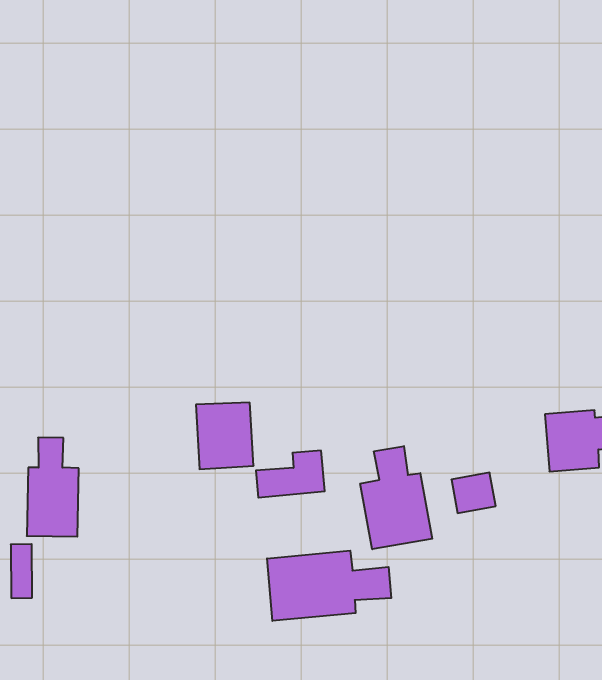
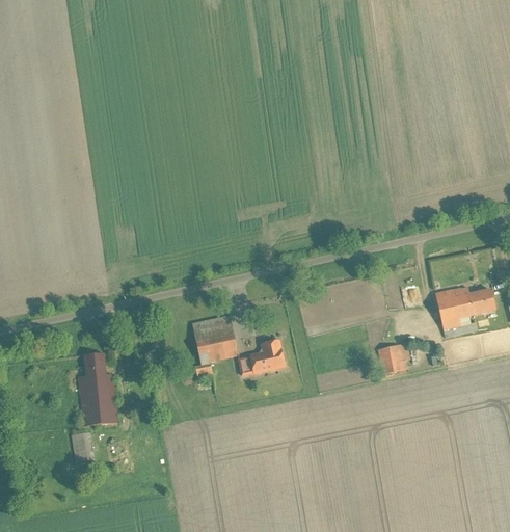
building: [360,446,432,549] -> none
building: [267,551,391,621] -> none

